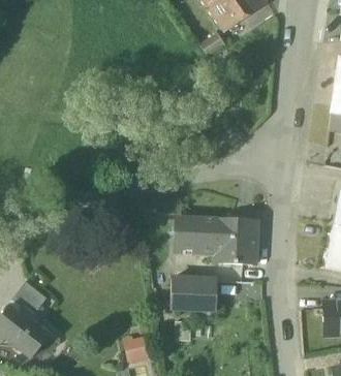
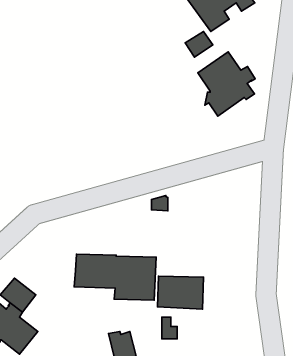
building: none -> [198,52,255,116]
building: [175,217,257,263] -> [74,254,156,300]

